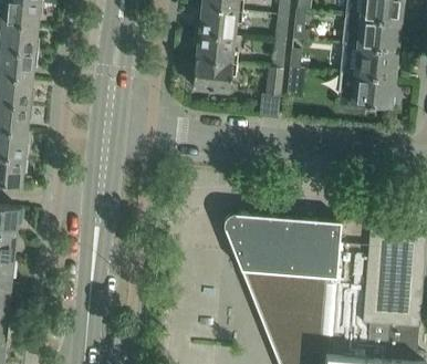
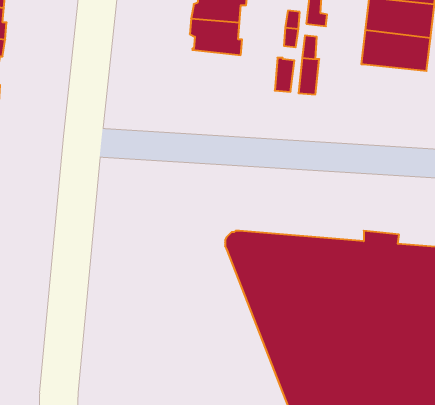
building: [192,60,237,92] -> none
building: [336,72,394,108] -> none

